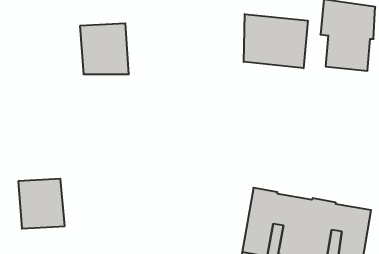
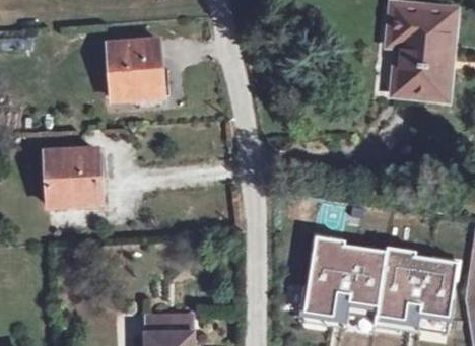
building: [244,14,308,68] -> none
building: [18,179,65,229] -> [46,145,100,204]

